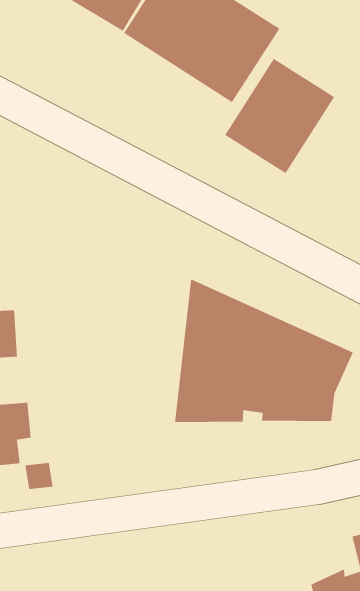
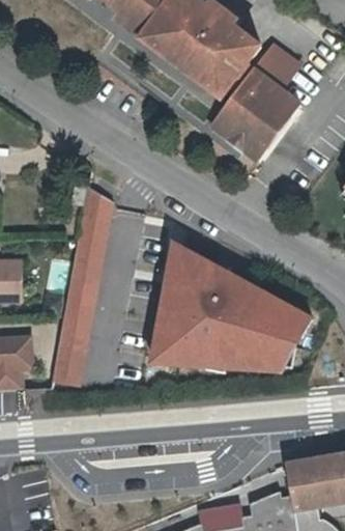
building: none -> [257,39,305,86]
building: none -> [51,189,116,385]

